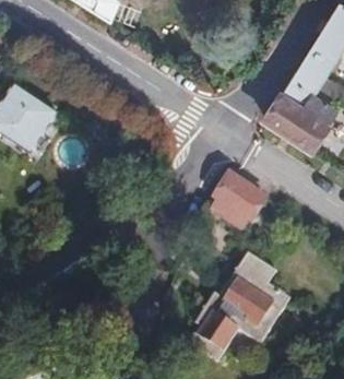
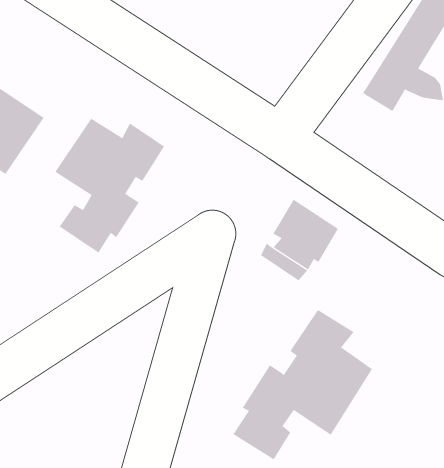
building: [265,96,334,147] -> none
building: none -> [54,118,165,254]

